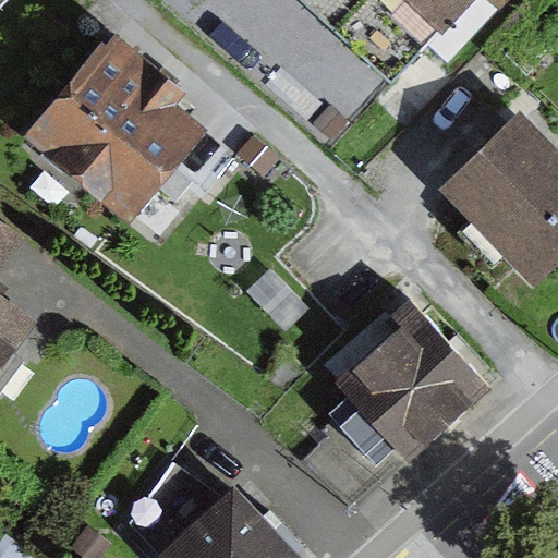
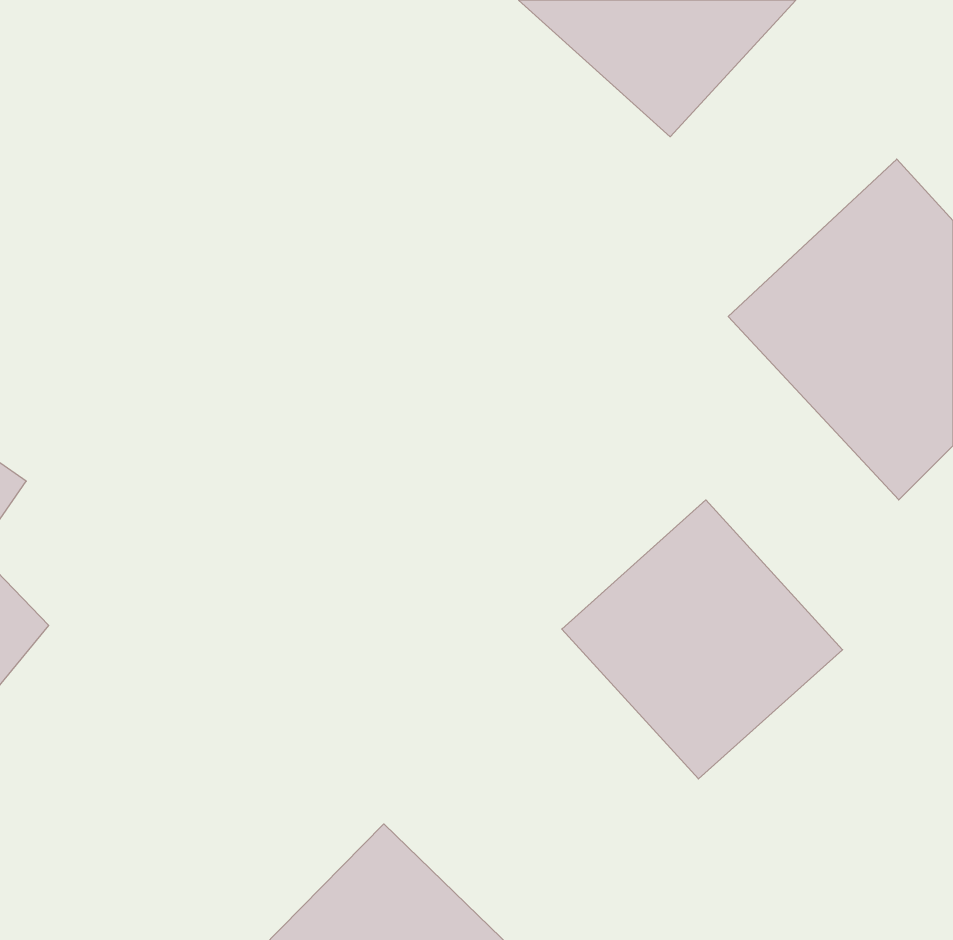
building: [21,22,221,221] -> none

